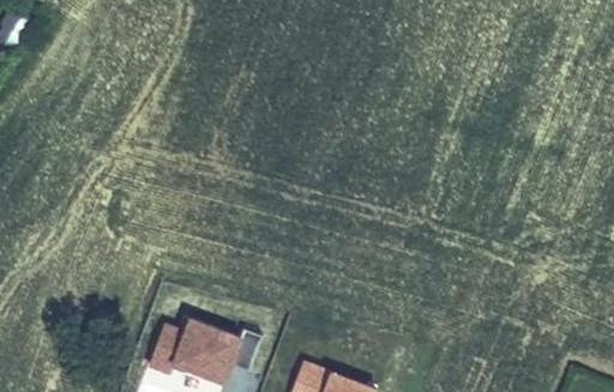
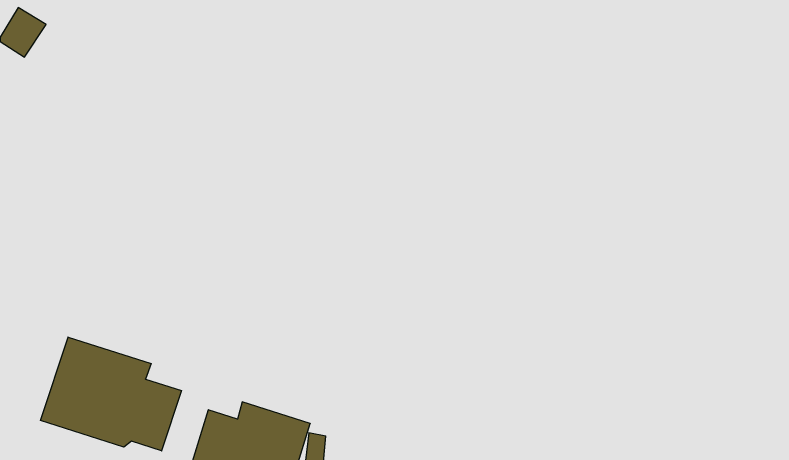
building: none -> [41,337,181,451]

